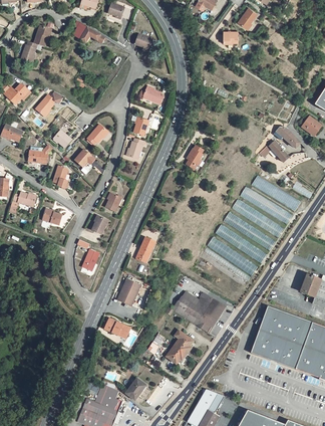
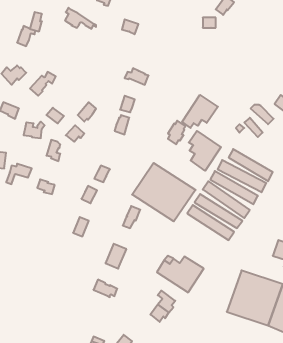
building: none -> [182,95,218,128]
building: none -> [189,131,221,171]
building: none -> [132,163,196,221]

